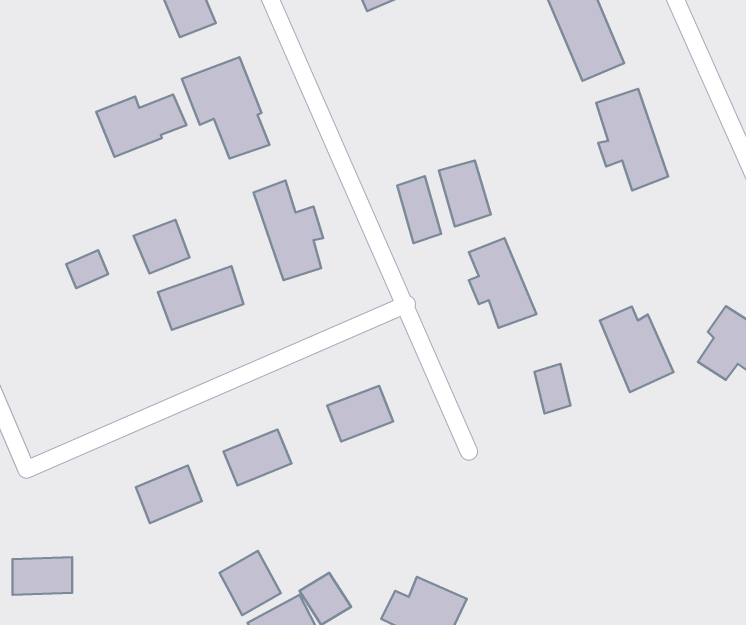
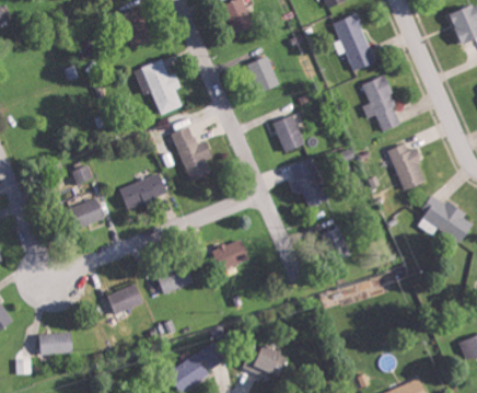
building: none -> [247,56,279,92]
building: [96,95,187,157] -> none
building: [397,176,441,243] -> none
building: [134,220,189,274] -> [73,197,104,227]
building: [600,306,674,392] -> [386,143,427,190]
building: [219,551,281,615] -> none

